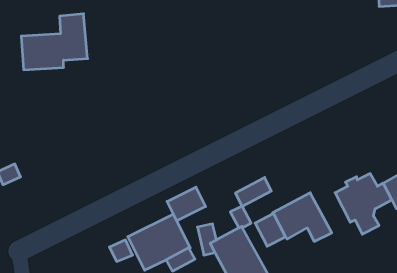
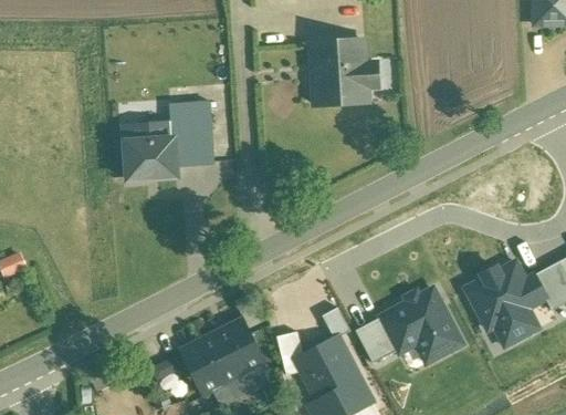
building: none -> [308,34,390,110]
building: [21,14,88,70] -> [122,100,213,177]
building: [236,177,271,206] -> none
building: [167,187,206,221] -> none

